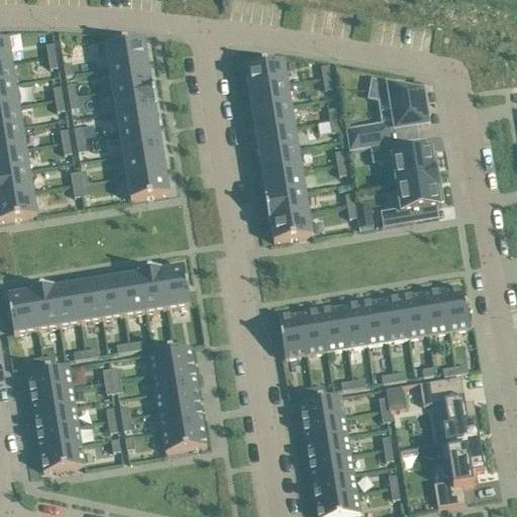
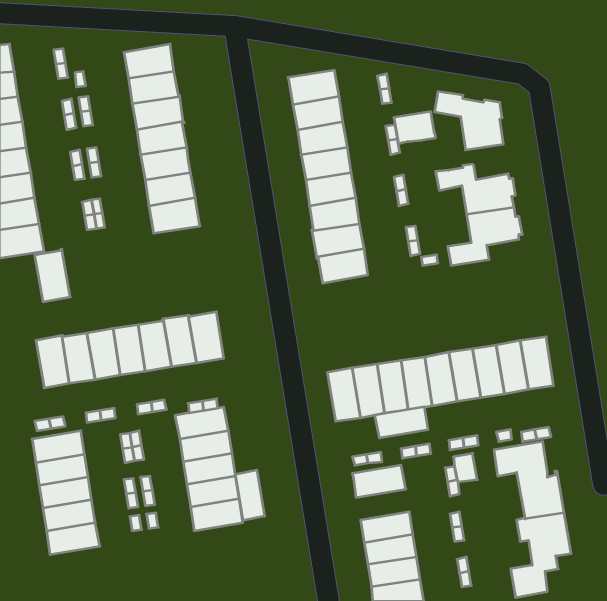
building: [357,120,393,147] -> [394,112,435,144]
building: [7,289,37,333] -> [35,249,70,302]
building: none -> [235,470,265,520]
building: [302,415,347,441] -> [375,407,428,438]

